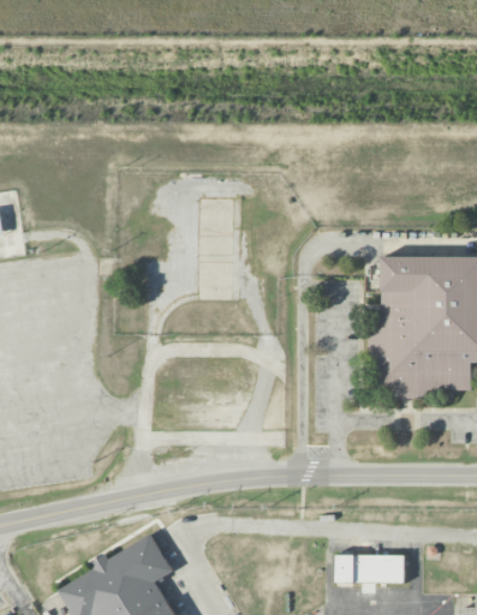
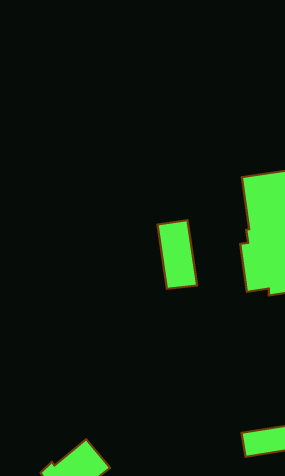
building: none -> [157,220,197,289]

